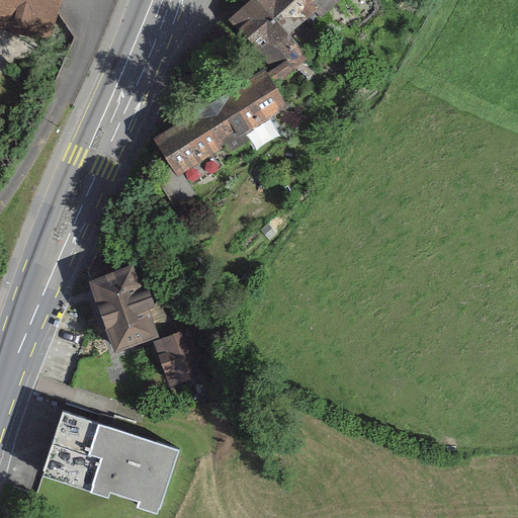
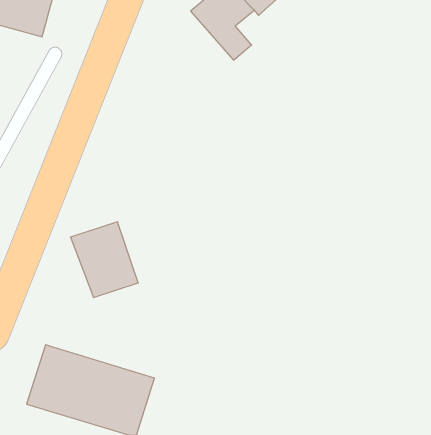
building: [155,68,294,184] -> none
building: [151,331,197,384] -> none

